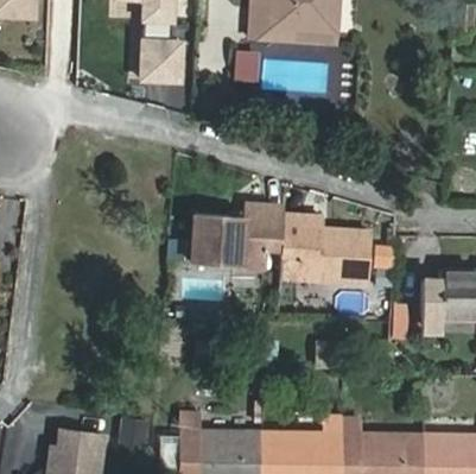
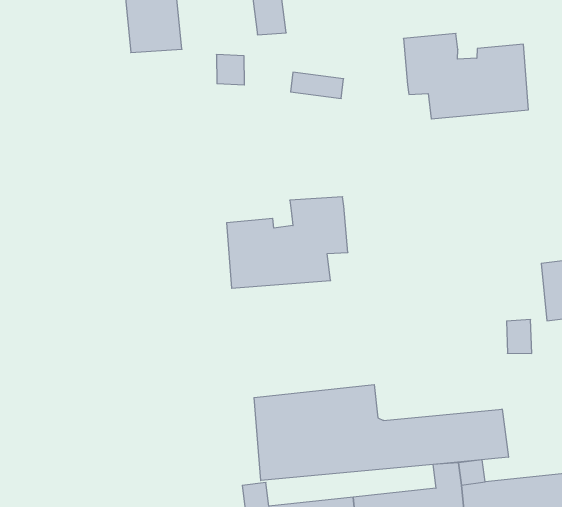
building: [280,215,369,279] -> [403,33,528,119]
building: none -> [254,385,508,481]

